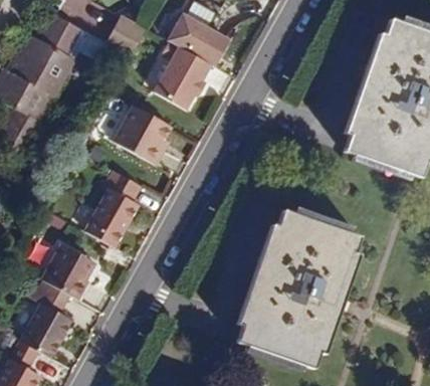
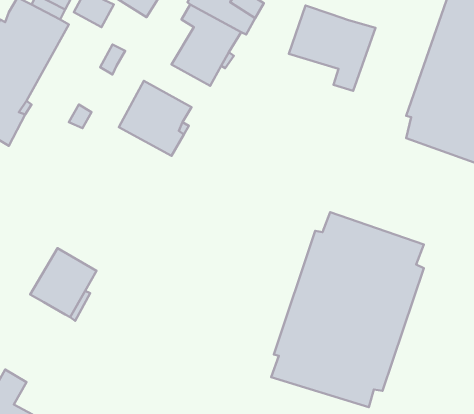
building: none -> [289,6,375,91]
building: [86,171,142,246] -> none
building: [22,282,74,355] -> none

